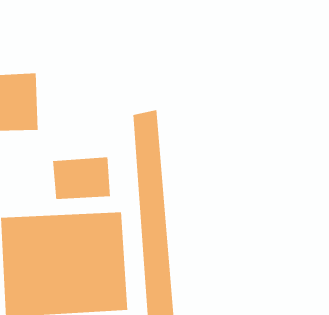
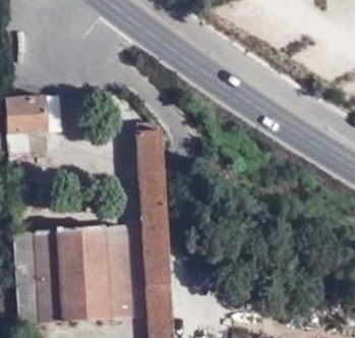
building: [52,157,110,200] -> none

